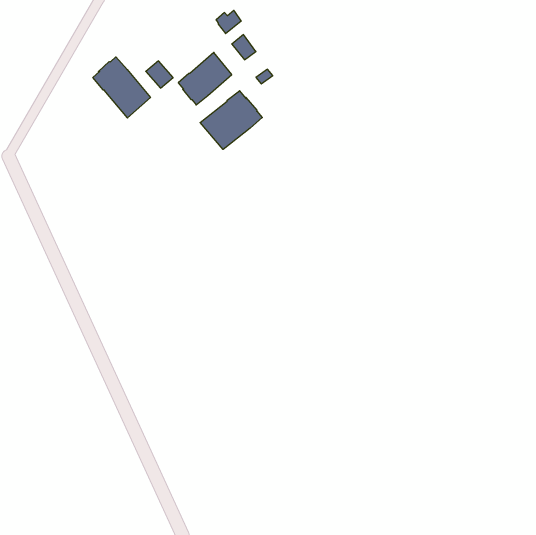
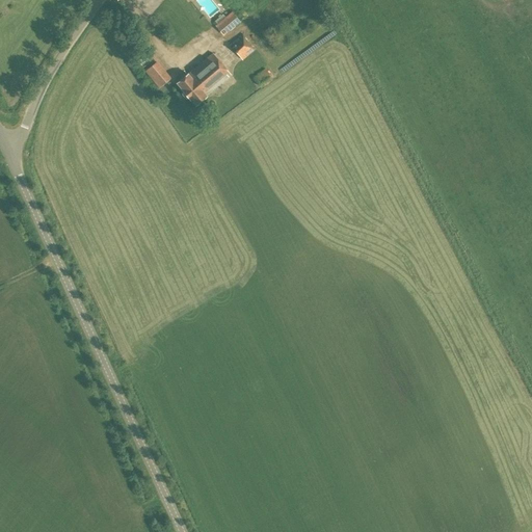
building: [93,57,150,118] -> none
building: [200,91,262,149] -> none

